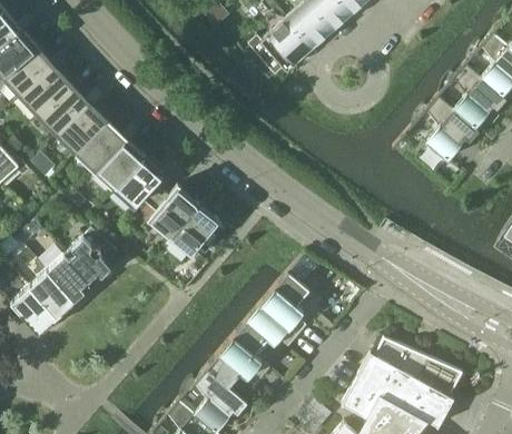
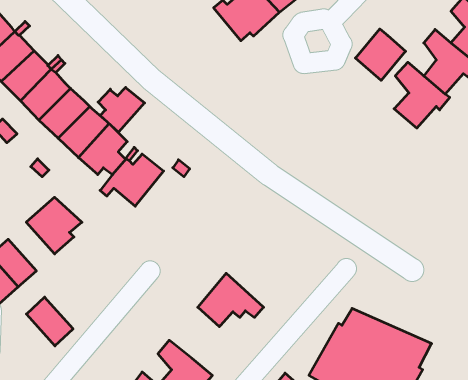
building: none -> [355,29,406,80]
building: none -> [98,87,145,132]
building: [170,204,226,254] -> none
building: [46,254,91,302] -> [26,297,73,346]
building: [259,273,308,337] -> none
building: [204,337,269,387] -> none

